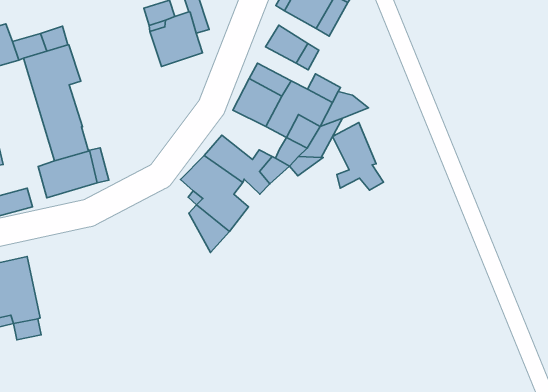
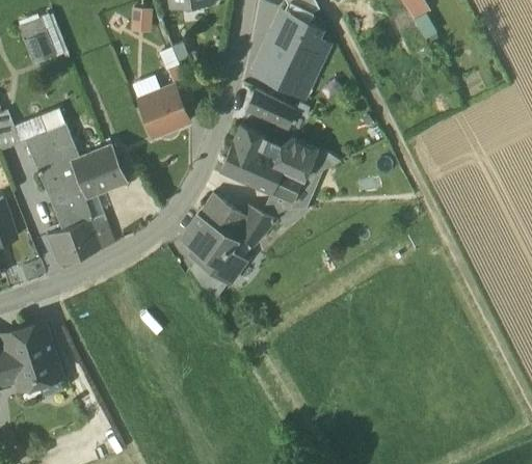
building: none -> [70,144,128,198]
building: [333,123,383,190] -> none

